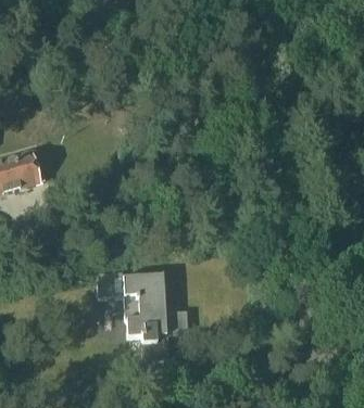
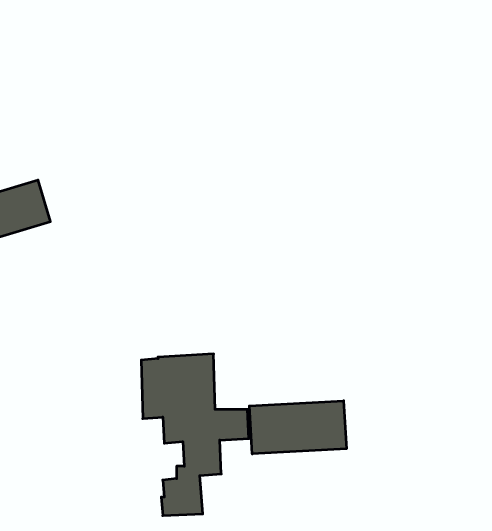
building: none -> [249,401,346,454]

